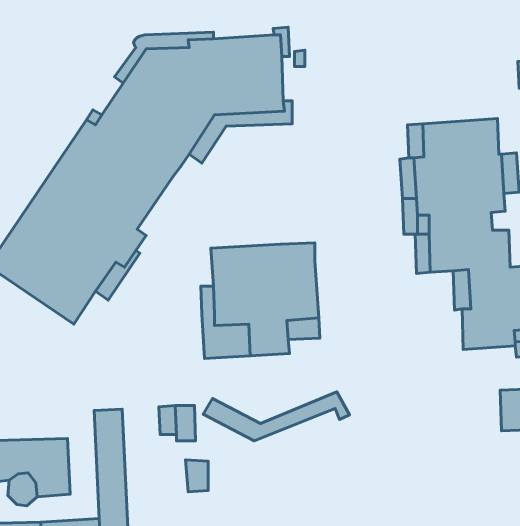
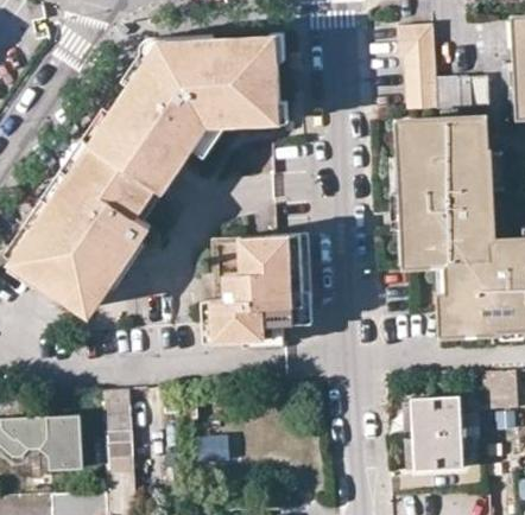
building: none -> [398,26,488,110]
building: [203,392,350,441] -> none
building: none -> [412,396,480,469]

